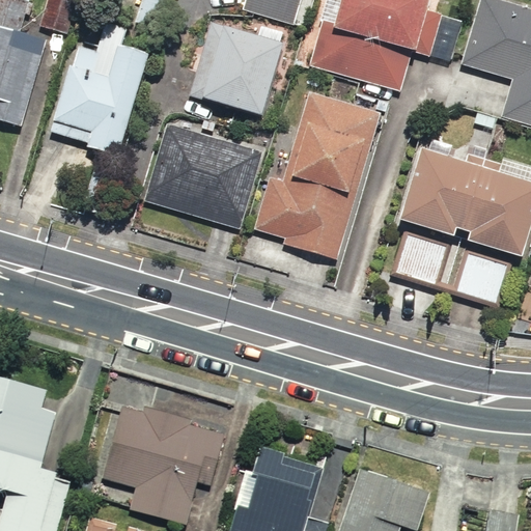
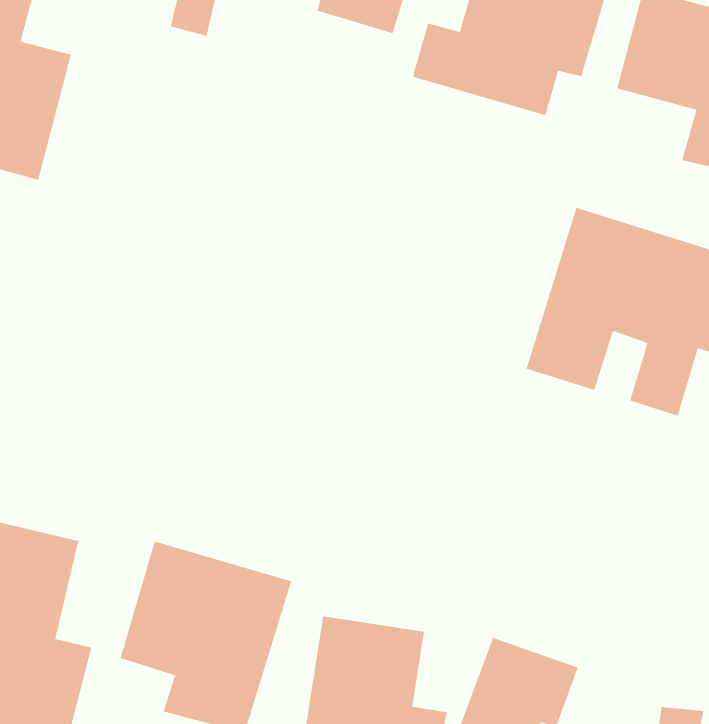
building: [51,20,153,165] -> none
building: [186,23,285,124] -> none
building: [252,94,380,258] -> none
building: [149,129,262,229] -> none

